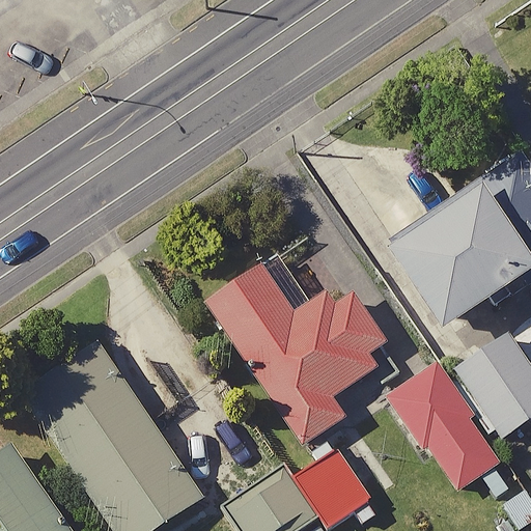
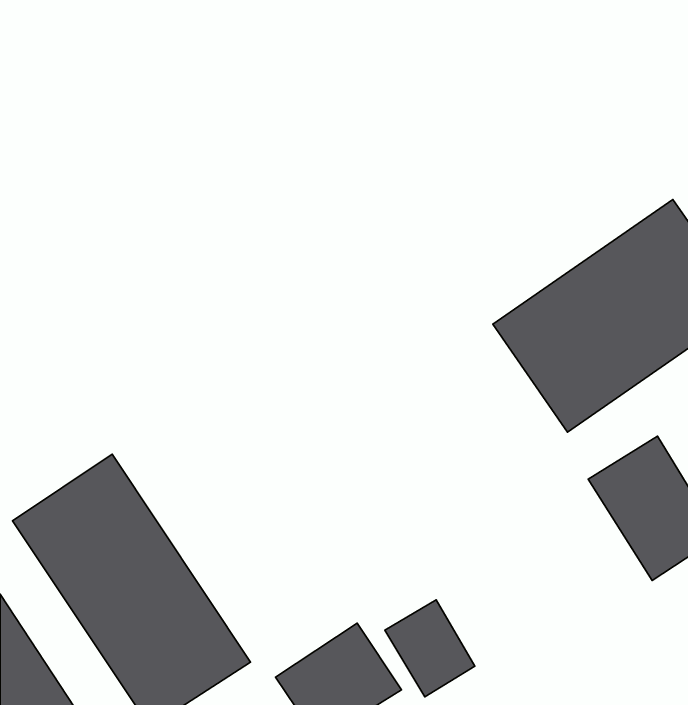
building: [205,249,389,444] -> none
building: [396,370,500,491] -> none

